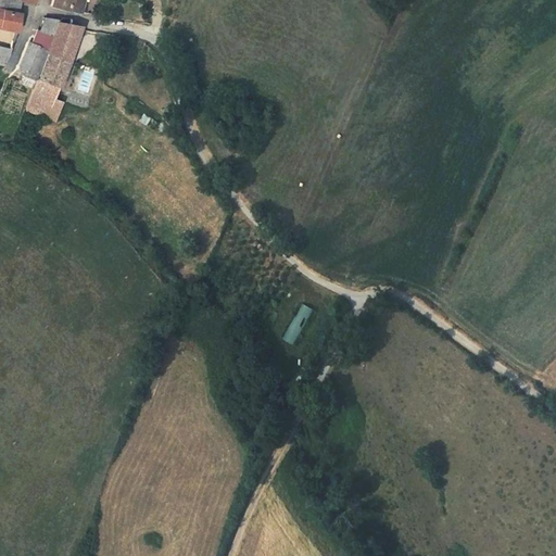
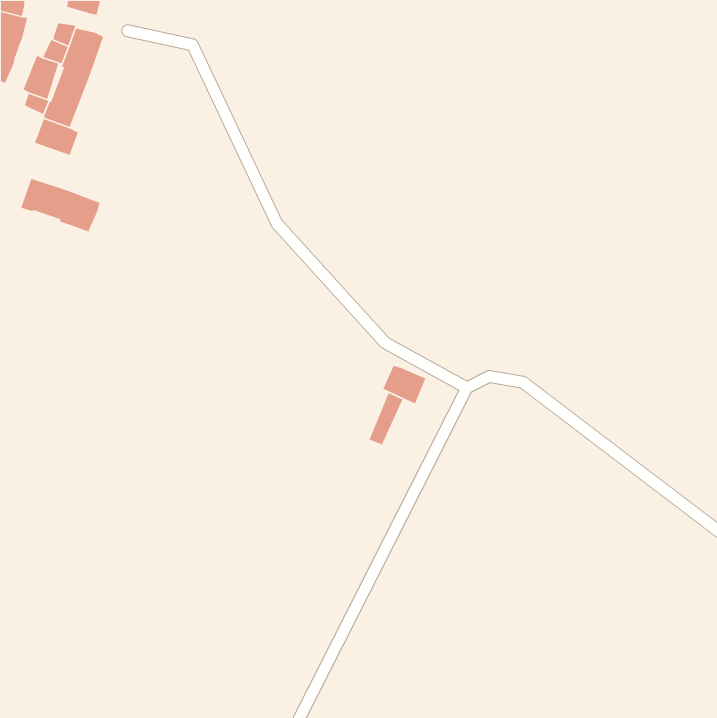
building: none -> [21,178,101,233]
building: none -> [382,365,427,405]

